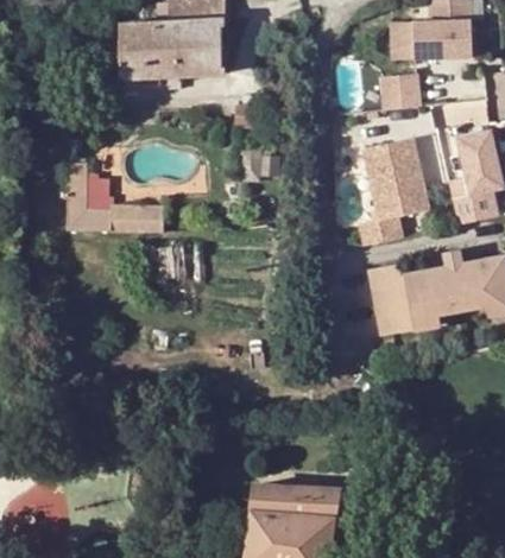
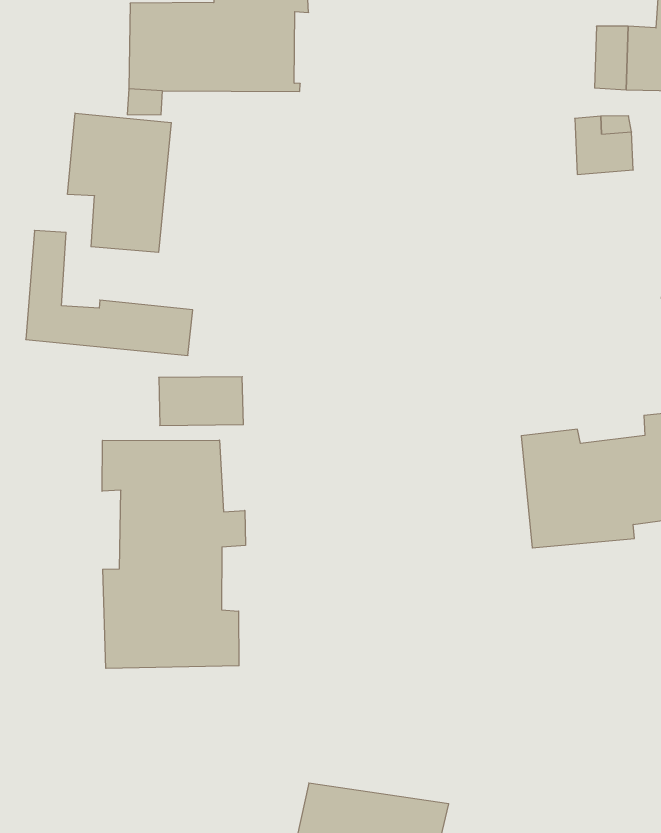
building: none -> [68,113,171,252]
building: [358,137,427,246] -> none
building: none -> [102,440,245,668]

